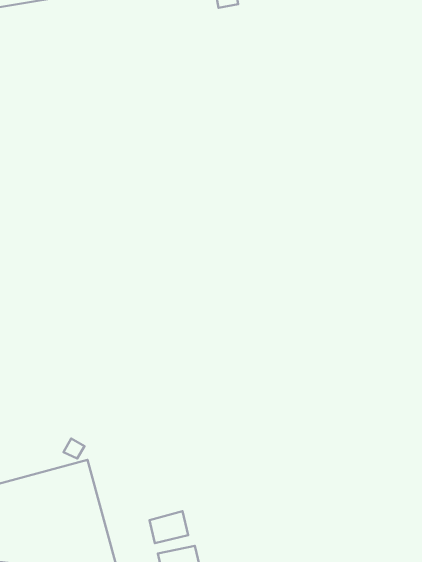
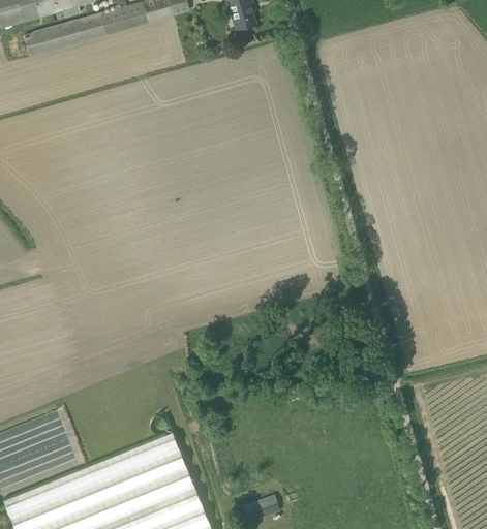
building: [149,511,188,543] -> none

